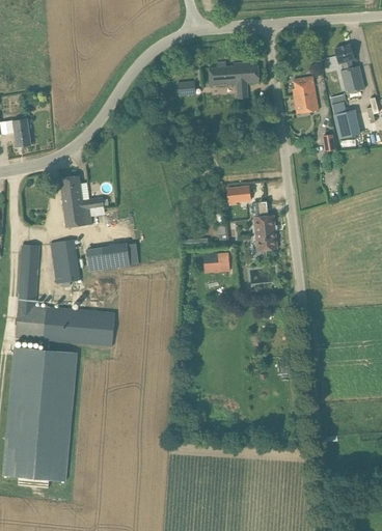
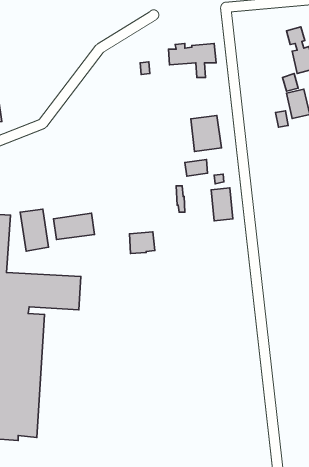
building: [292,77,318,114] -> none
building: none -> [191,115,221,151]
building: [59,176,103,228] -> none
building: [202,252,229,275] -> [129,232,155,253]

